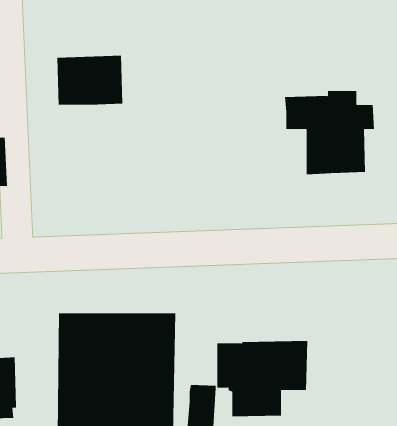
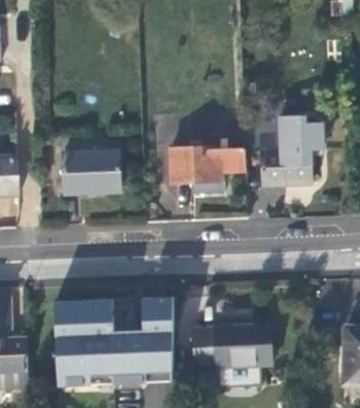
building: [57,55,123,105] -> [67,152,122,194]
building: none -> [174,149,249,184]

